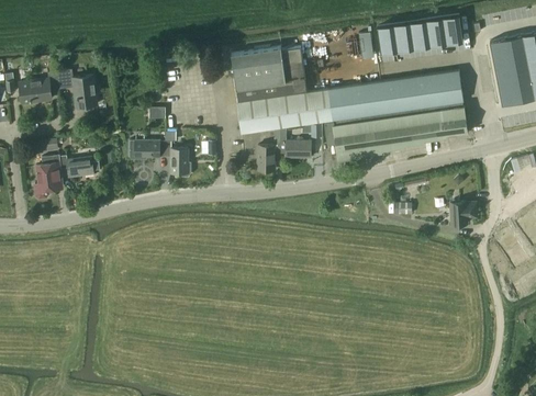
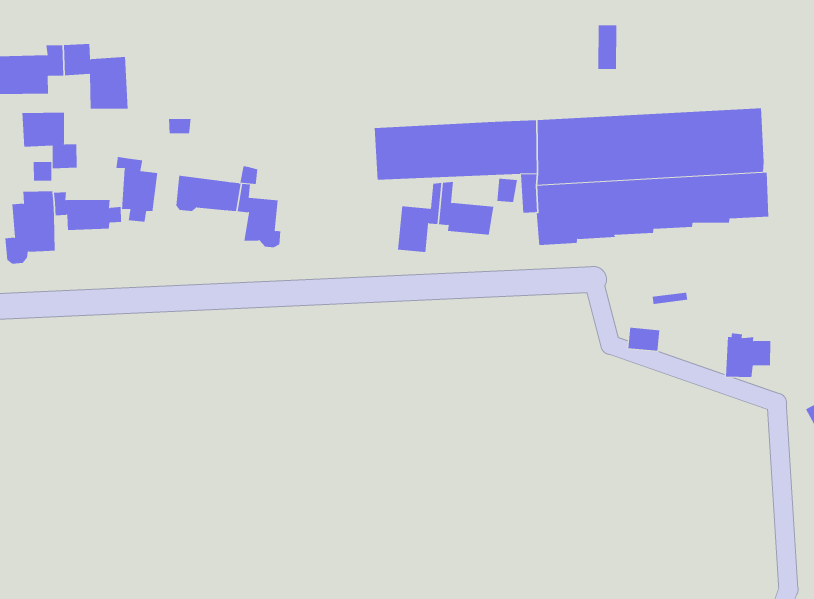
building: [377,18,461,58] -> none
building: [232,46,306,102] -> none
building: none -> [22,112,77,169]
building: none -> [116,156,158,223]

